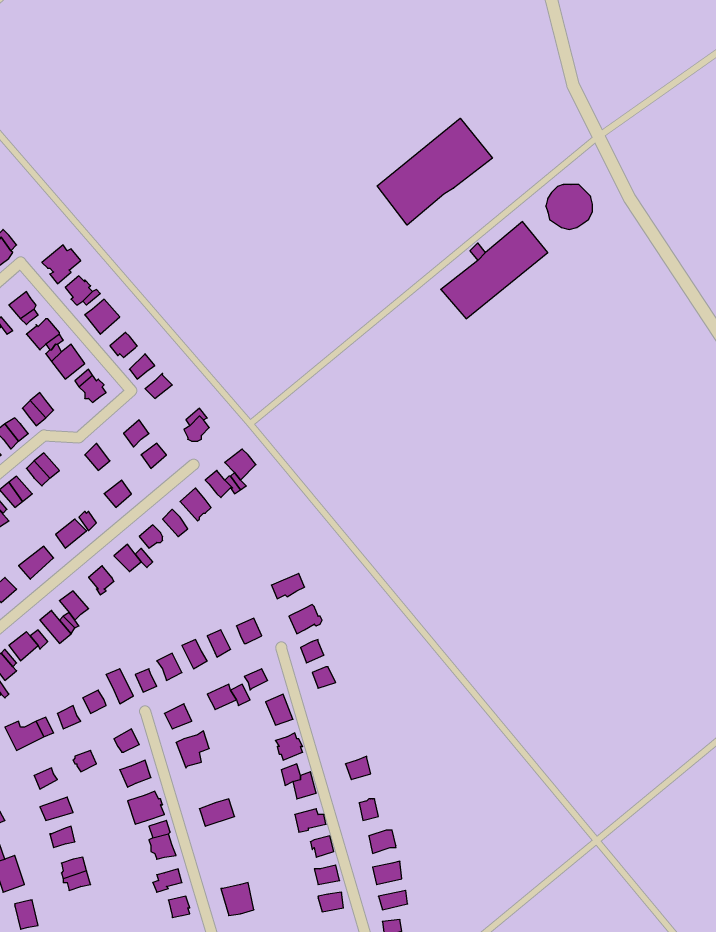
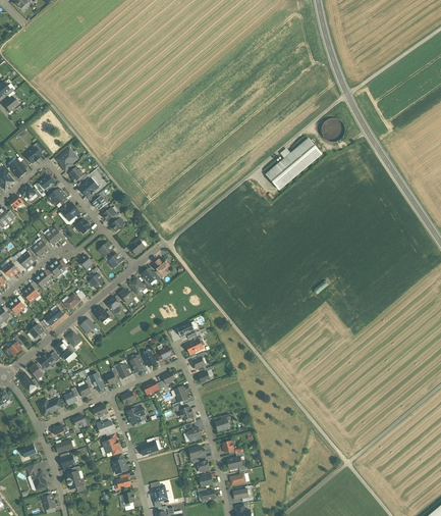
building: [377,118,492,225] -> none

